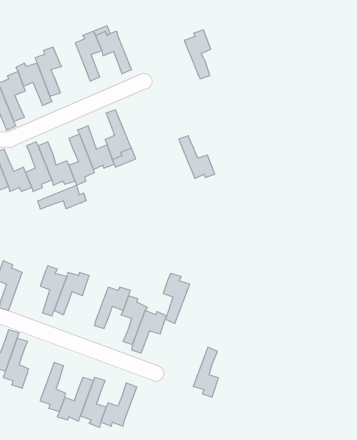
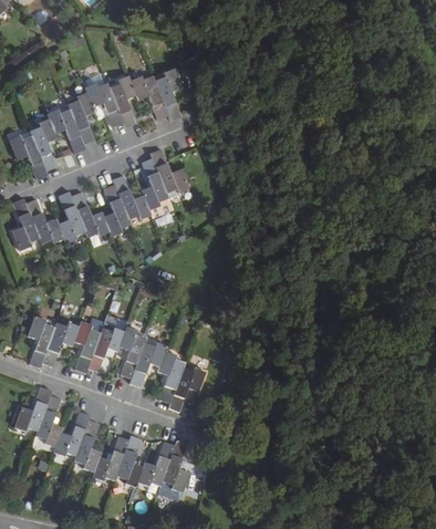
building: [184,30,211,79] -> [154,69,181,120]
building: none -> [85,82,123,126]
building: [179,136,215,178] -> [149,148,187,193]
building: [38,185,86,209] -> none
building: none -> [42,321,79,365]
building: [163,273,190,323] -> [118,325,146,377]
building: [193,347,219,397] -> [160,440,187,492]
building: none -> [52,412,89,456]

